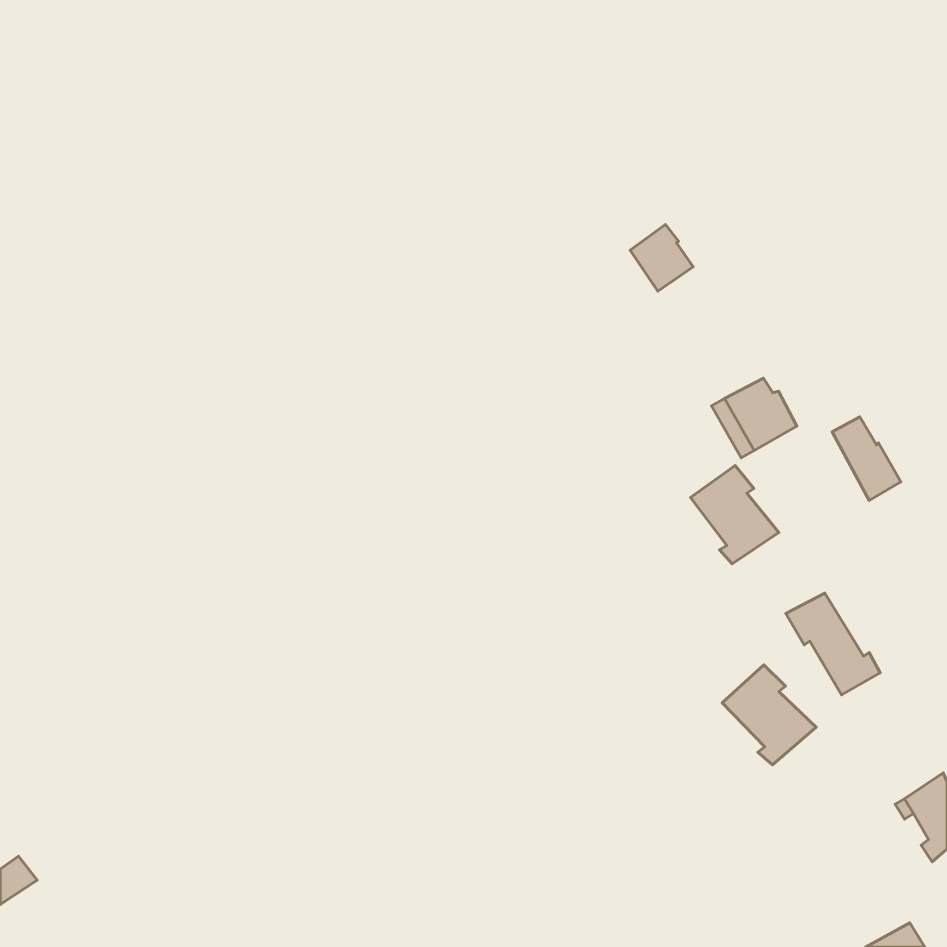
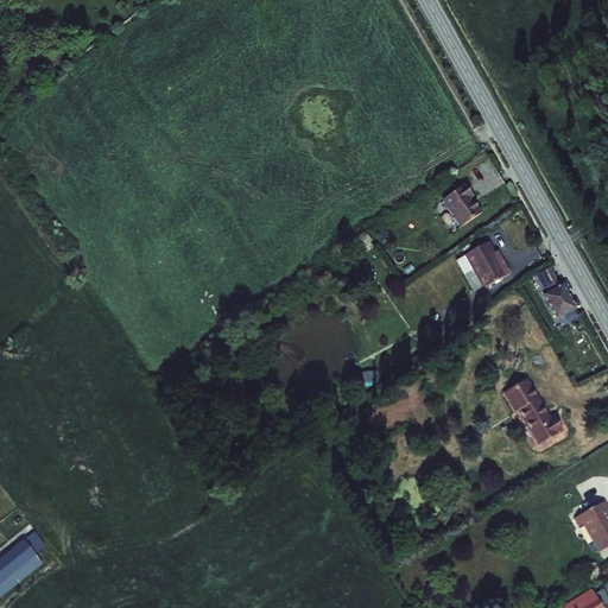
building: [630,224,693,291] -> [443,184,483,227]
building: [690,466,779,564] -> none
building: [722,665,816,765] -> none

